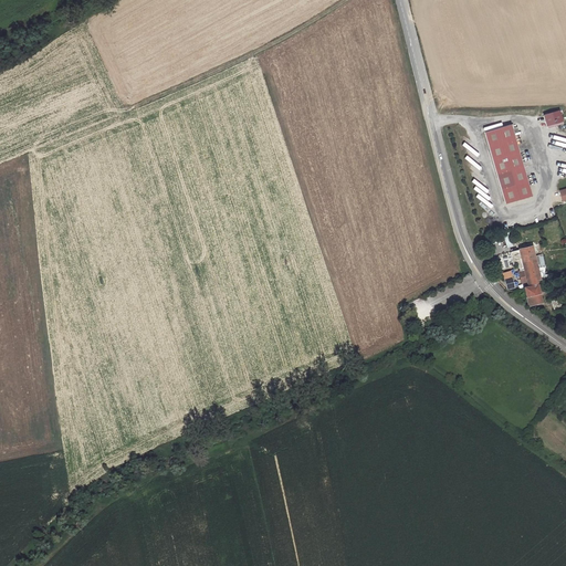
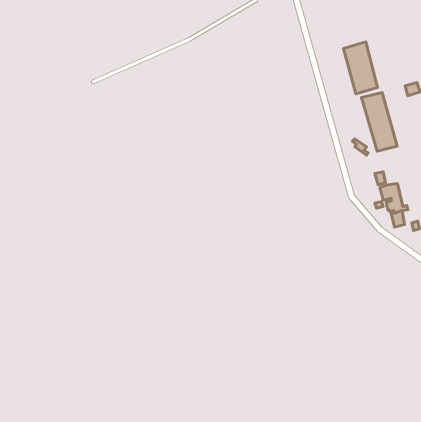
building: none -> [343,42,377,94]

